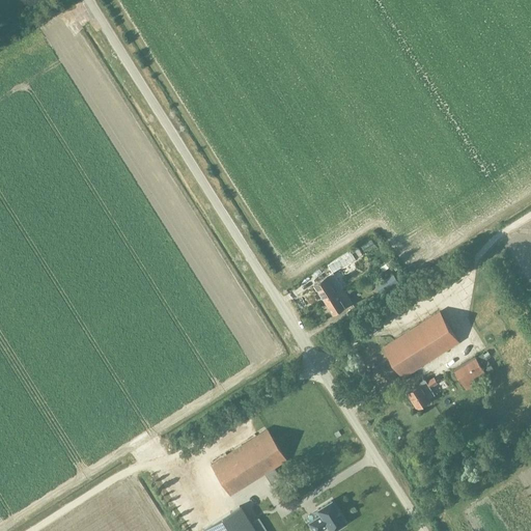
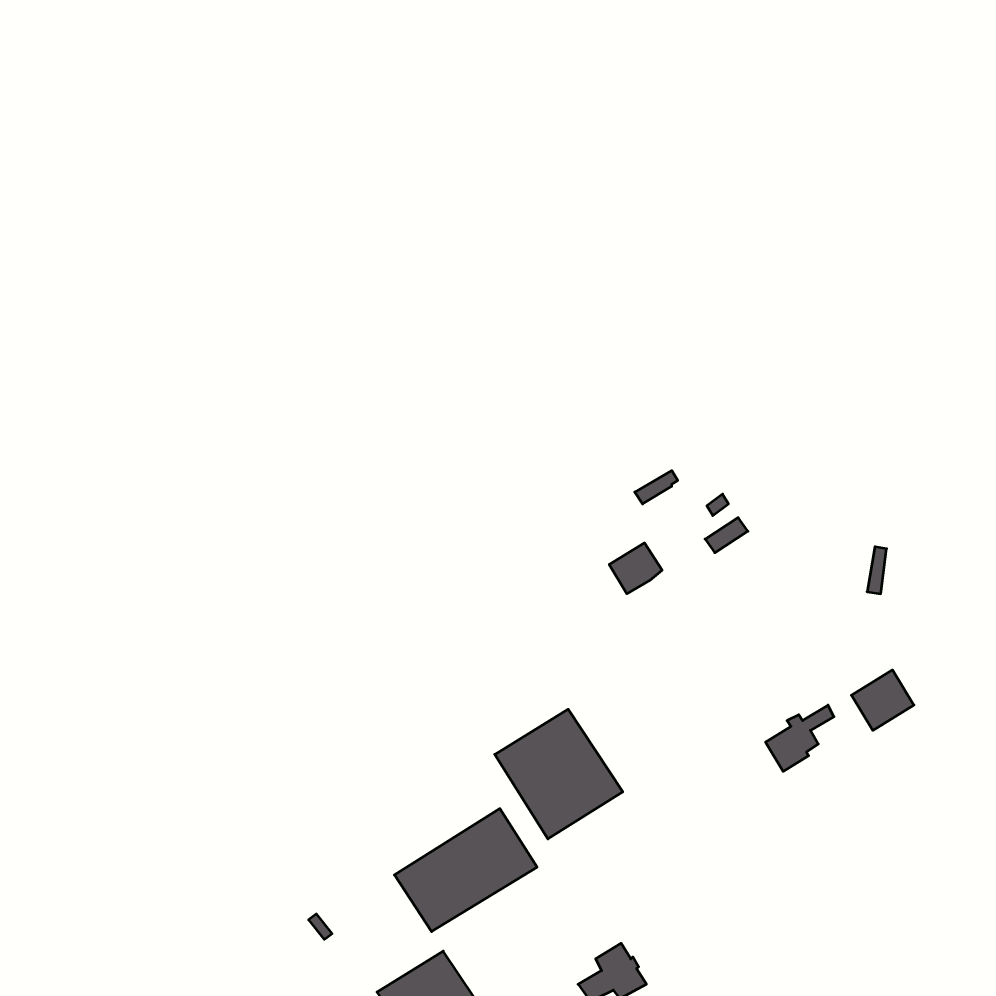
building: [314,274,342,301] -> none
building: [384,313,458,379] -> none
building: none -> [495,709,623,839]

